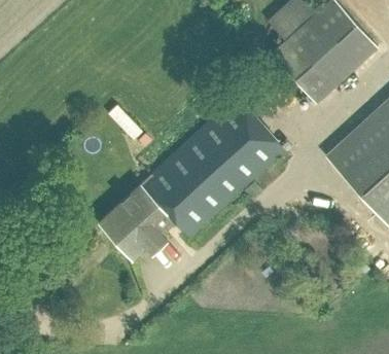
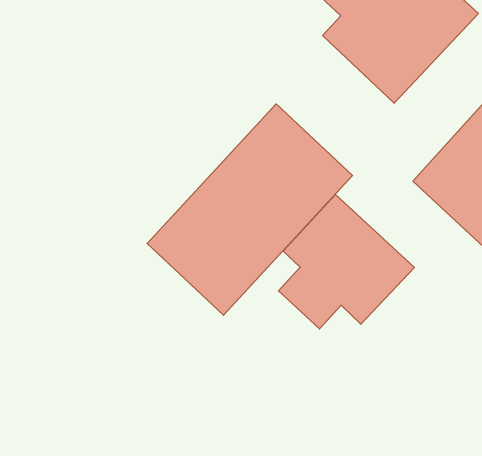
building: none -> [278,194,414,329]
building: [99,184,173,259] -> none

